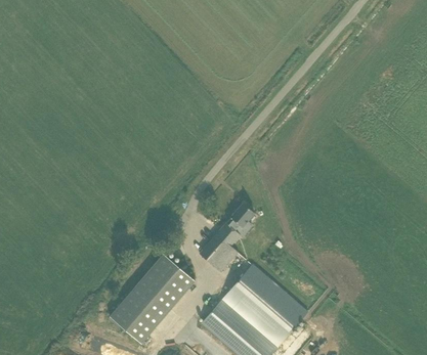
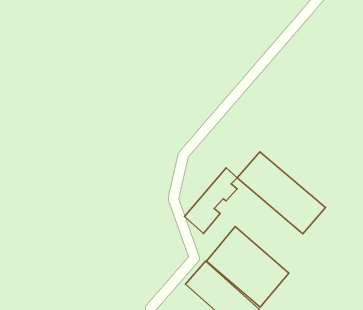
building: none -> [237,152,325,234]
building: [110,253,195,343] -> none

